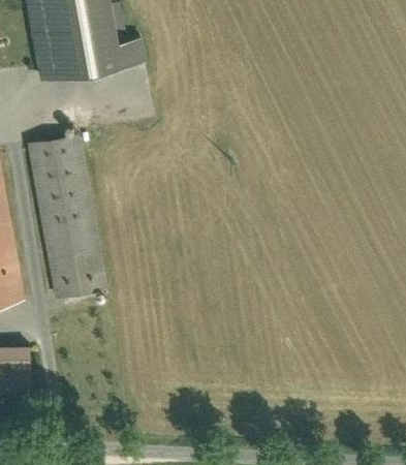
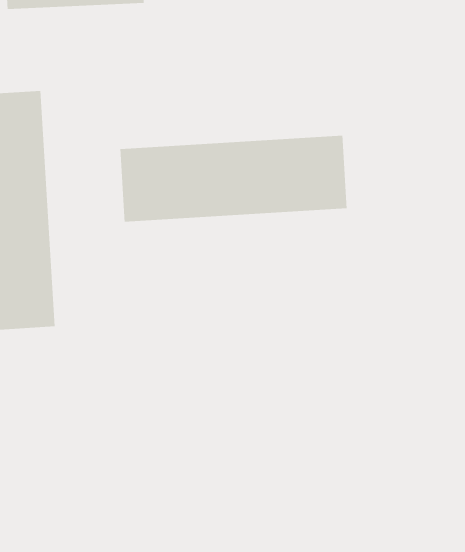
building: none -> [120,135,347,222]

